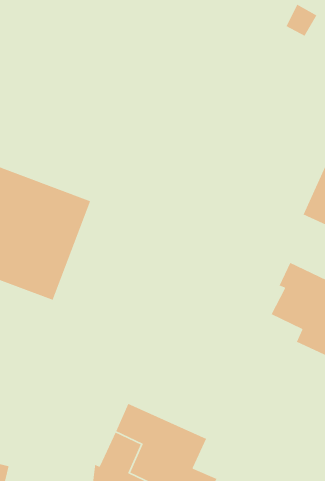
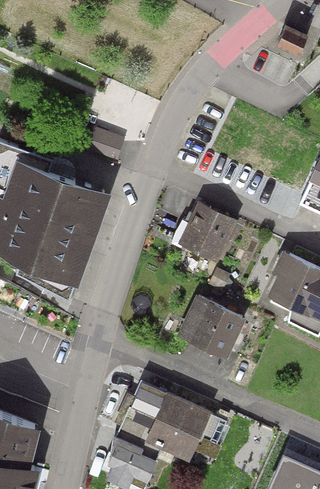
building: none -> [177,203,238,265]
building: none -> [176,294,246,360]

